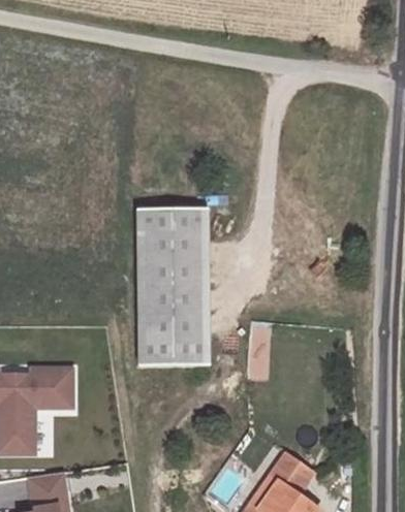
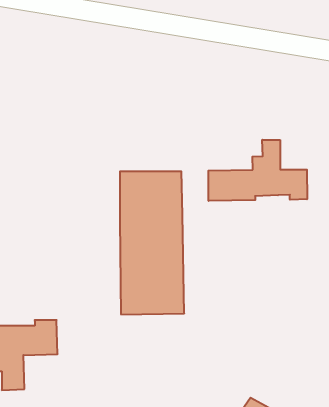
building: none -> [208,140,307,201]

